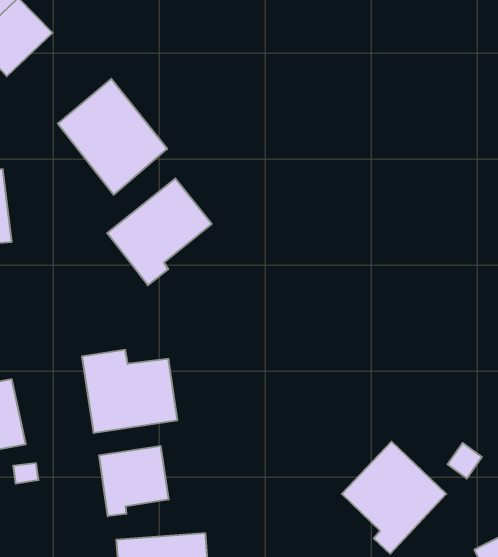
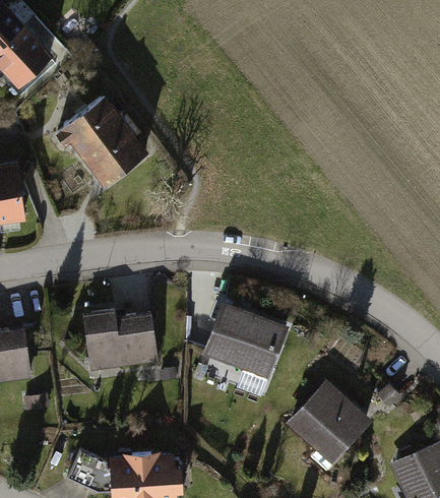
building: [107,178,212,285] -> none
building: none -> [202,302,287,377]
building: [99,446,168,516] -> none

